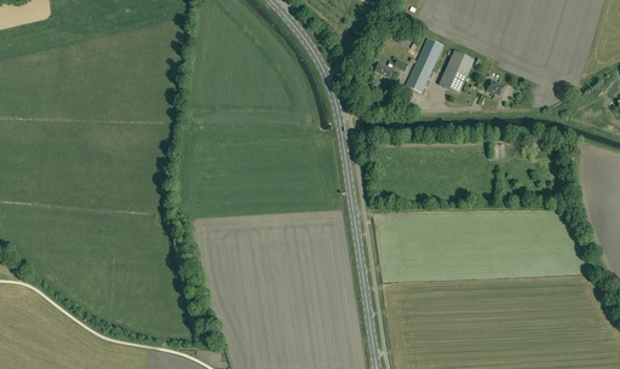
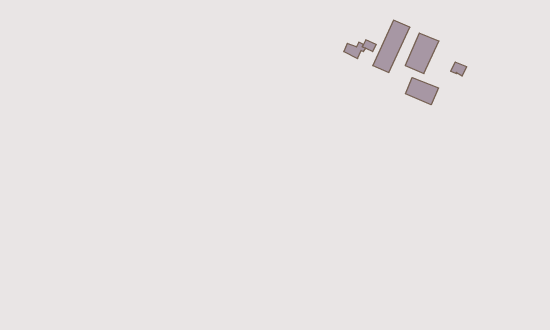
building: none -> [405,78,439,105]

